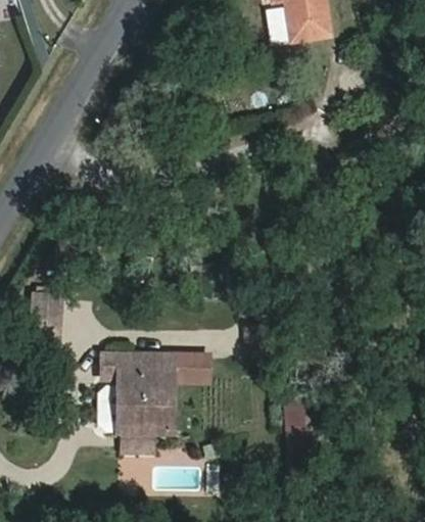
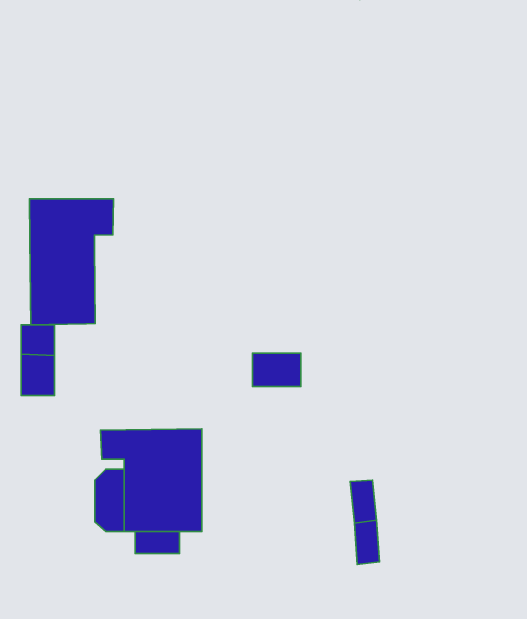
building: none -> [30,199,114,325]
building: [175,354,210,379] -> [252,353,301,387]

